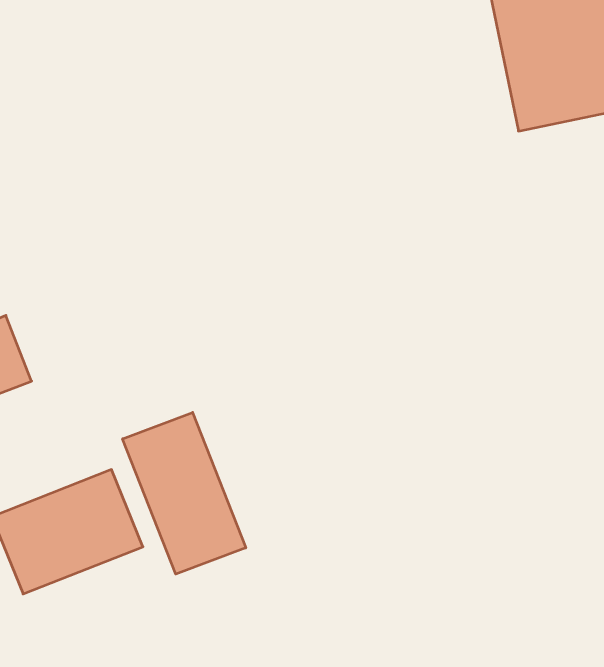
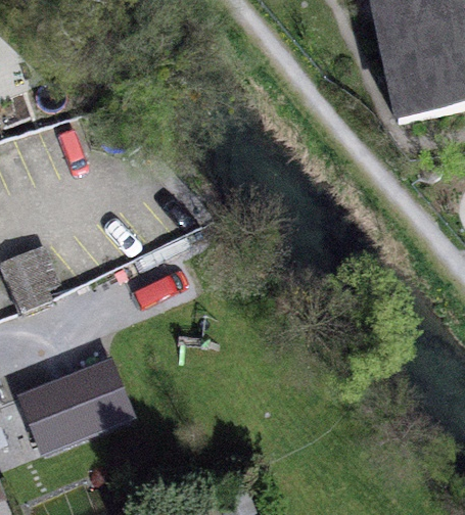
building: [123,412,246,574] -> none

